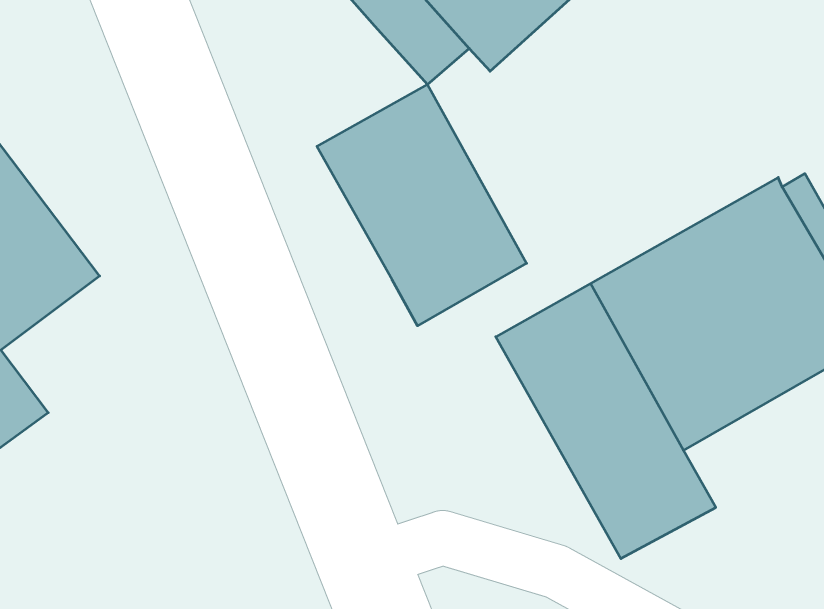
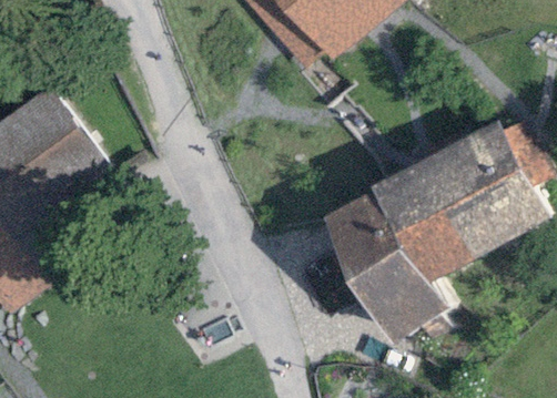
building: [317,84,527,326] -> none

